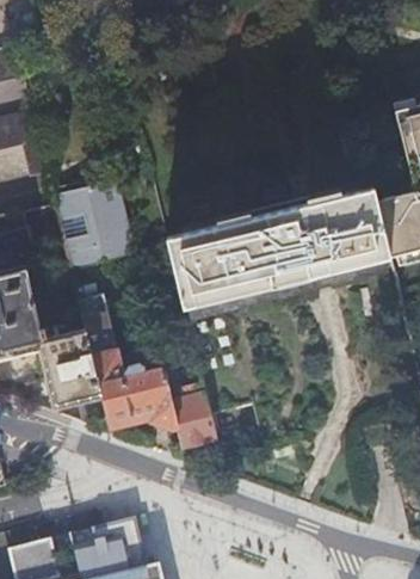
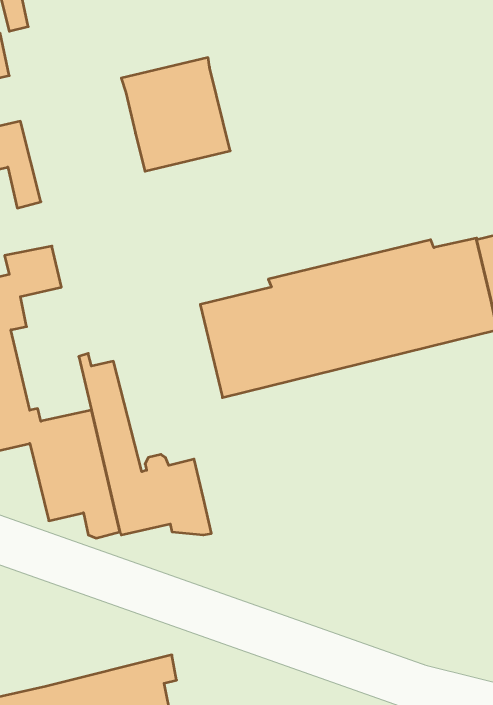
building: [51,178,134,264] -> [121,58,230,171]
building: [169,378,212,445] -> none

